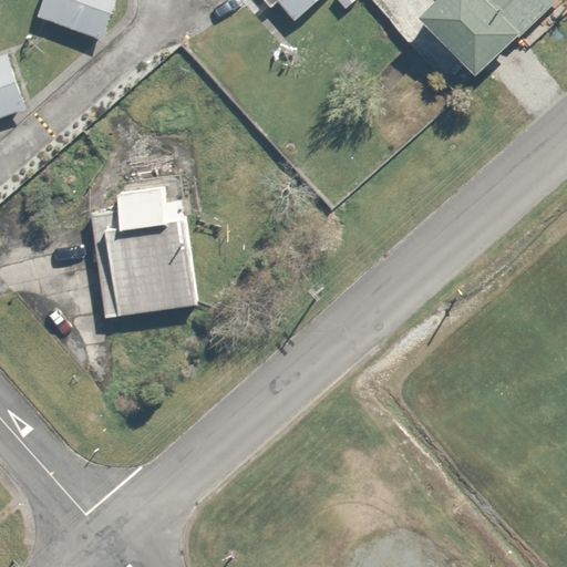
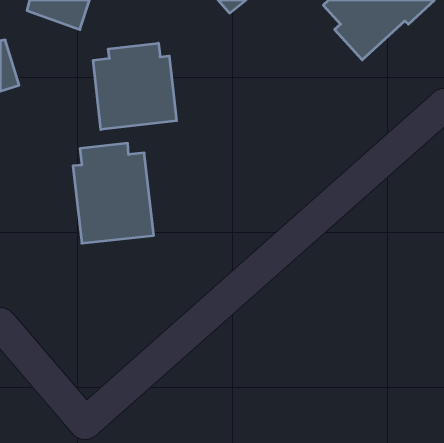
building: none -> [93,43,177,130]

